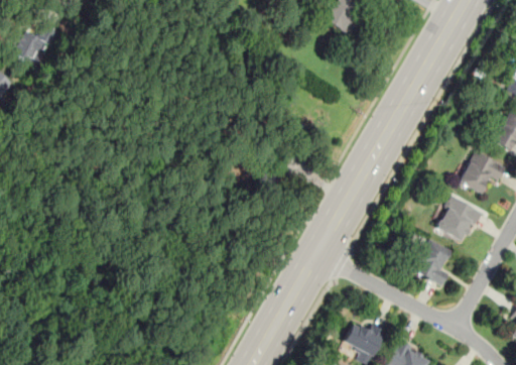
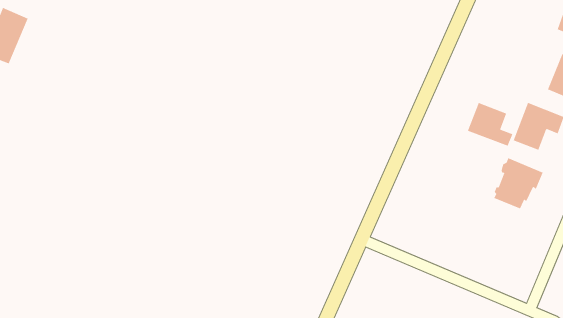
building: none -> [467,102,513,147]
building: [411,239,450,287] -> none

